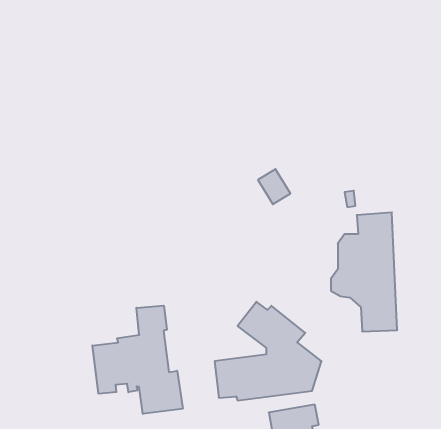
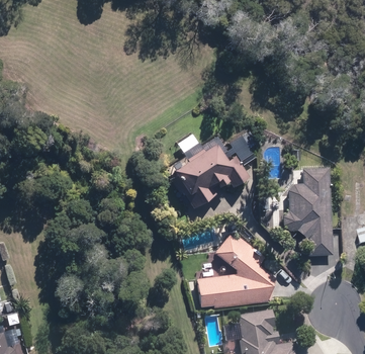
building: none -> [168,139,246,206]
building: [92,306,183,414] -> none

